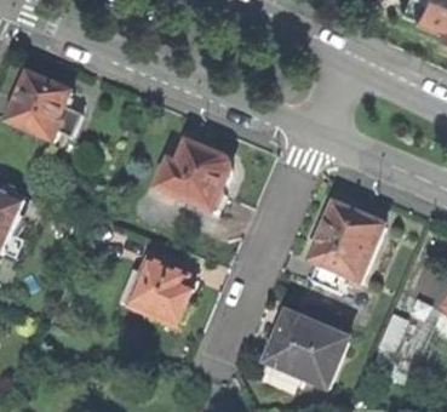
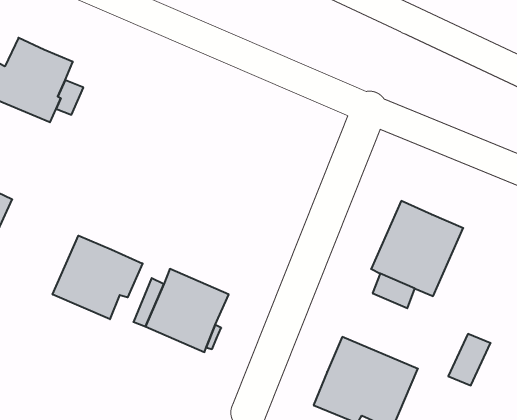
building: [157,138,231,208] -> none
building: none -> [53,236,143,319]

